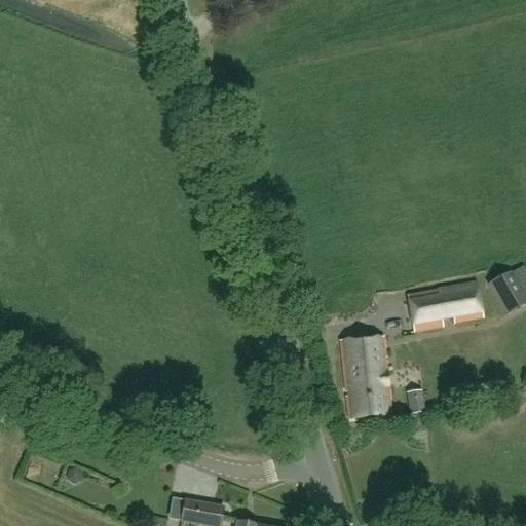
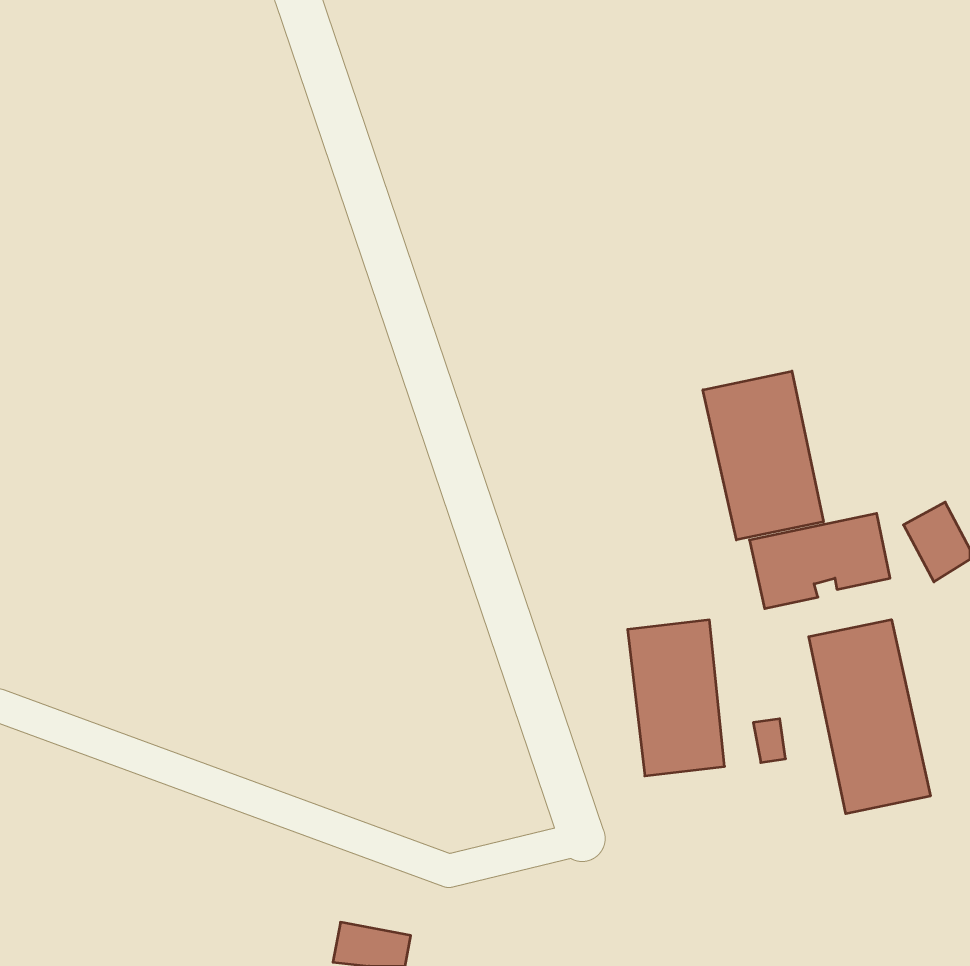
building: none -> [703,371,823,540]
building: none -> [809,620,930,814]

